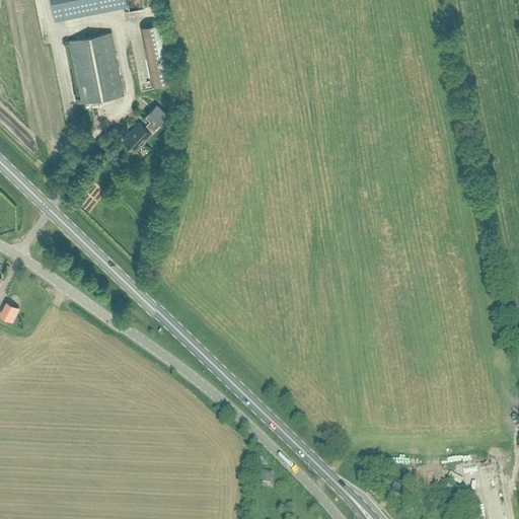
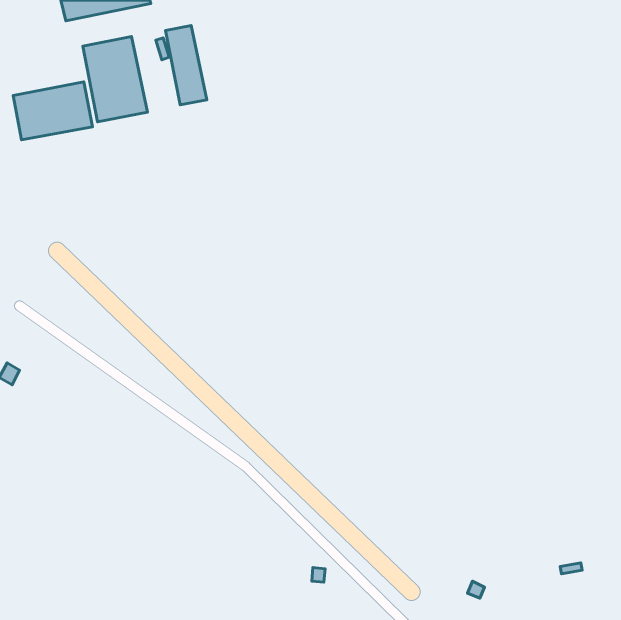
building: none -> [13,82,93,140]
building: [122,110,162,152] -> none

